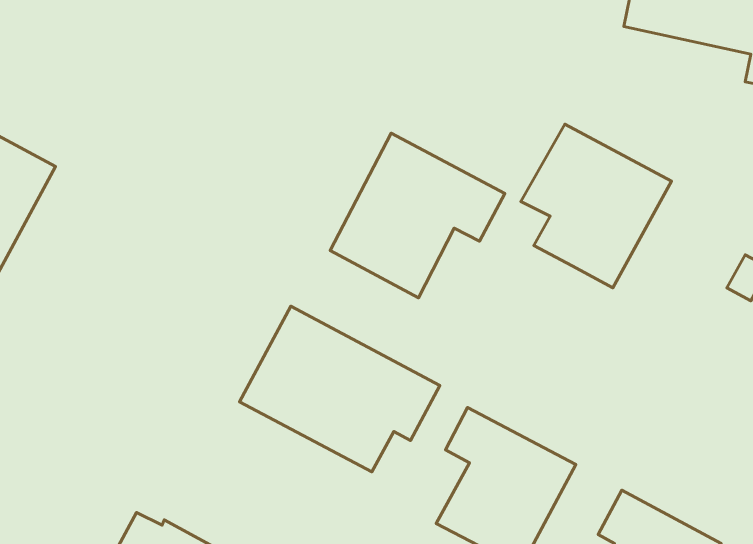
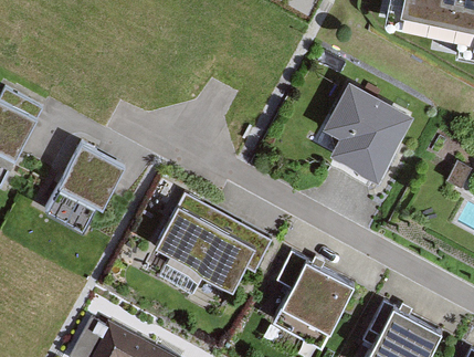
building: [330,133,505,298] -> none
building: none -> [45,143,127,231]

